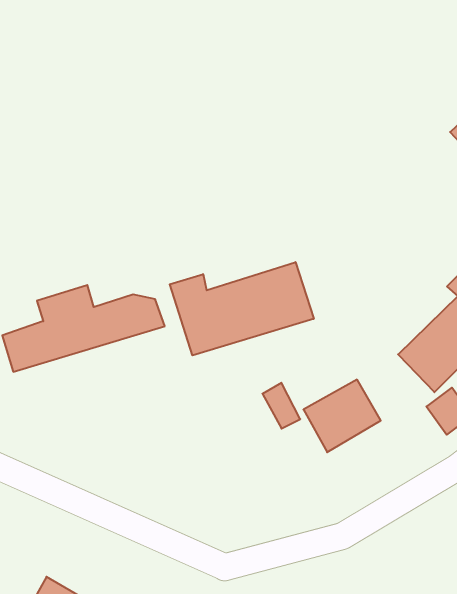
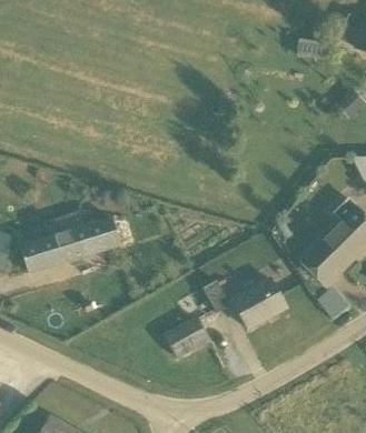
building: [170,262,314,355] -> none
building: none -> [164,316,208,356]

